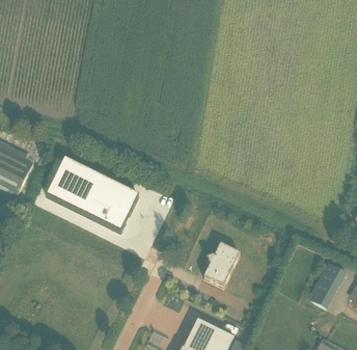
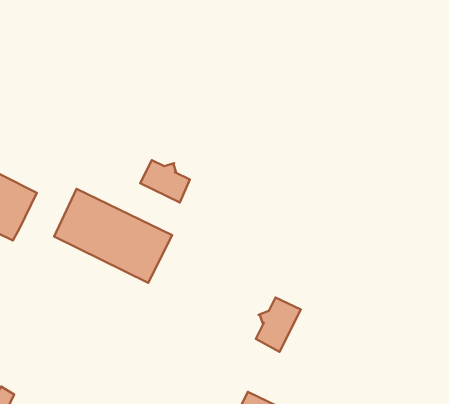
building: none -> [140,160,190,203]
building: [306,261,346,306] -> none

